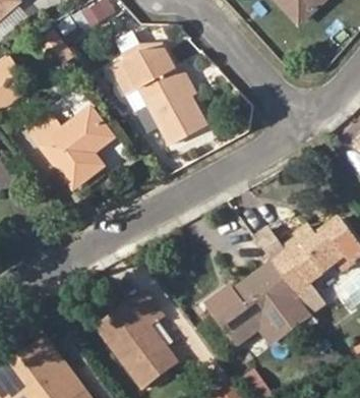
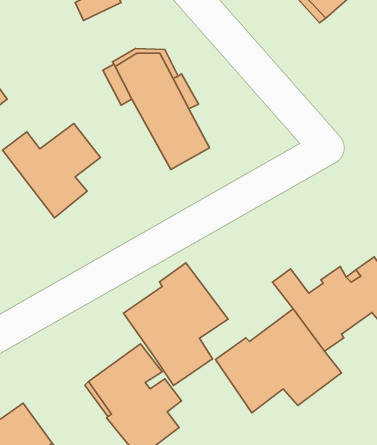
building: none -> [124,263,228,385]

